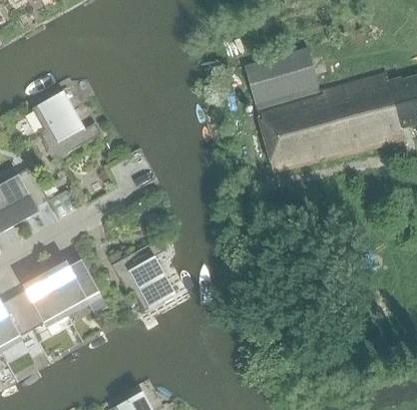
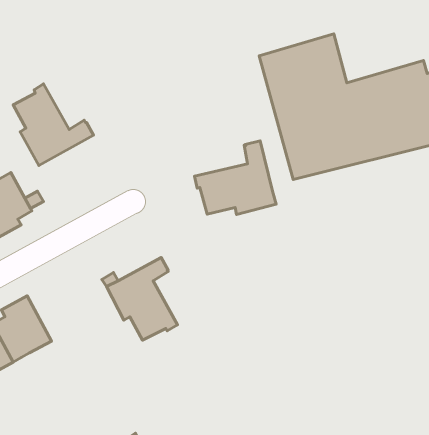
building: none -> [194,141,276,215]
building: [45,259,100,311] -> none

